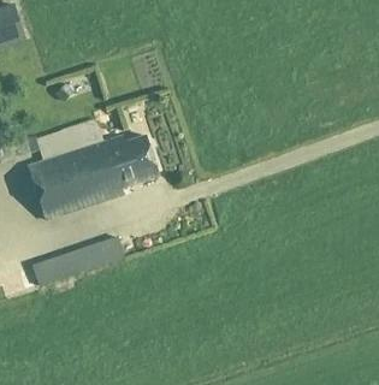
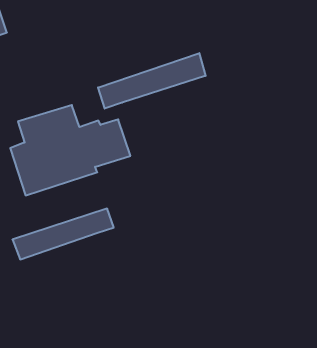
building: none -> [98,53,206,109]

